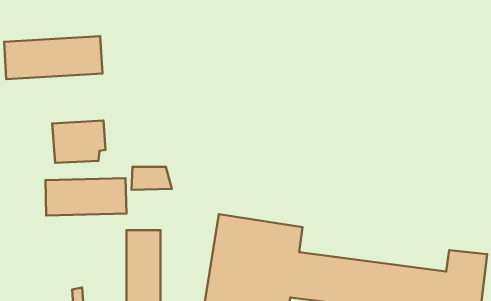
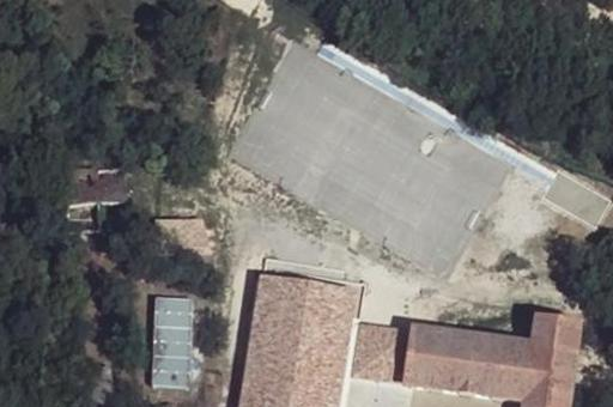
building: [4,36,102,79] -> none
building: [45,178,126,215] -> none

